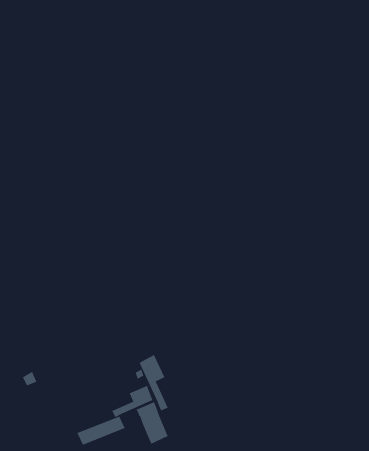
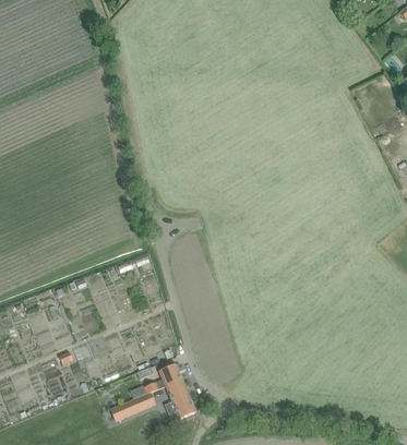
building: [139,354,169,411] -> none

